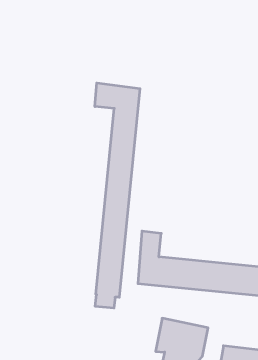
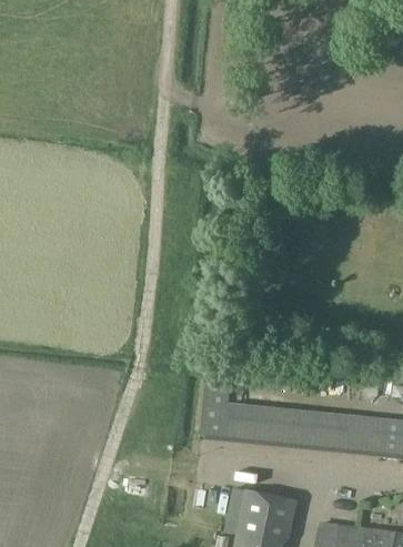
building: [95,83,140,308] -> none

